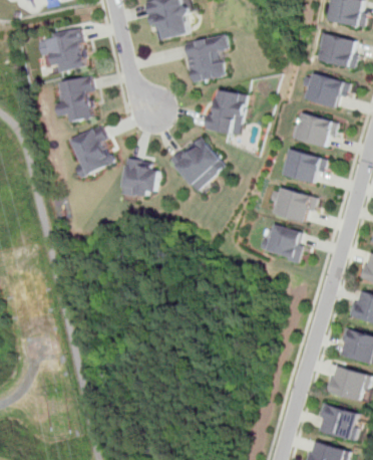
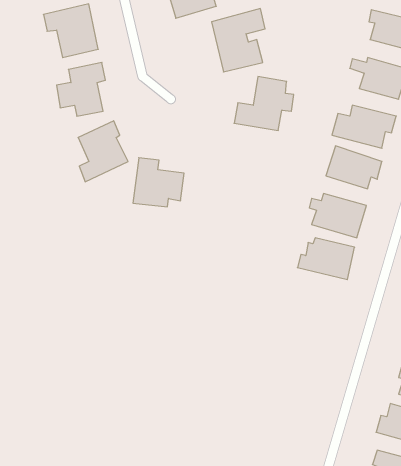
building: [164,138,224,193] -> none

